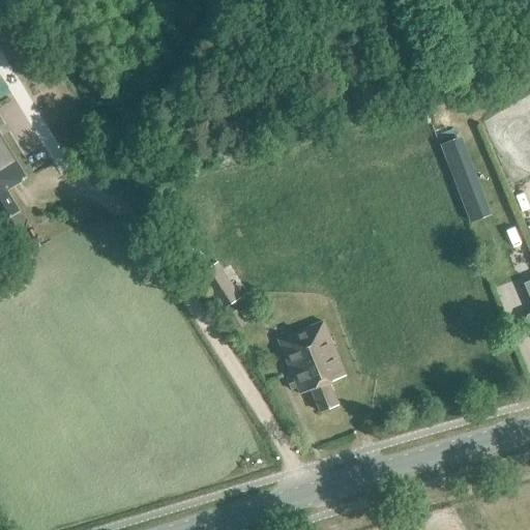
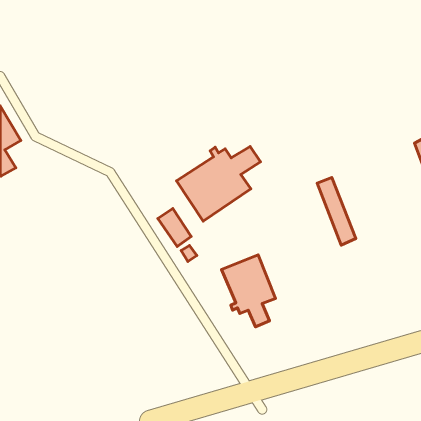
building: [442,140,491,225] -> [317,177,356,245]
building: none -> [176,146,261,221]

